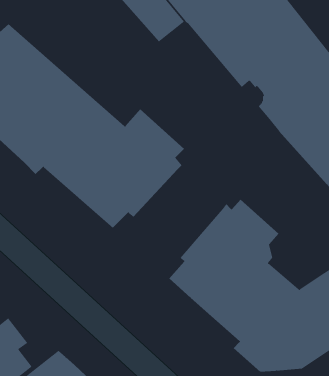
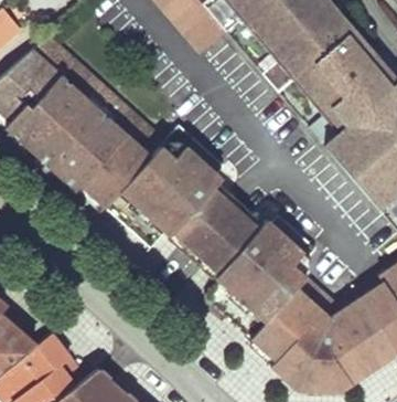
building: none -> [174,184,265,275]

